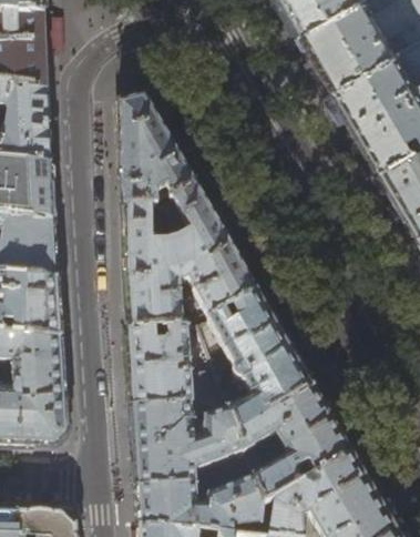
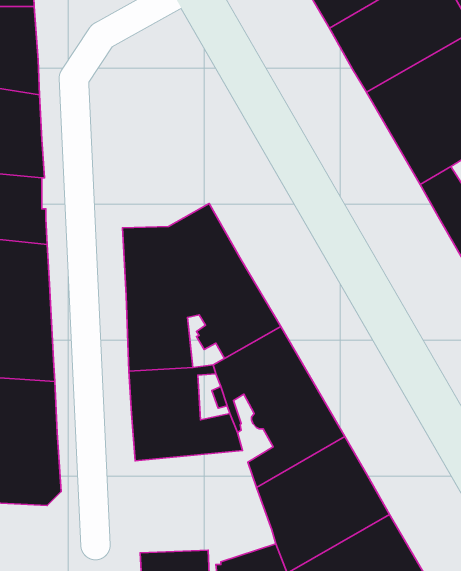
building: [119,97,196,207] -> none
building: [132,401,250,489] -> none

